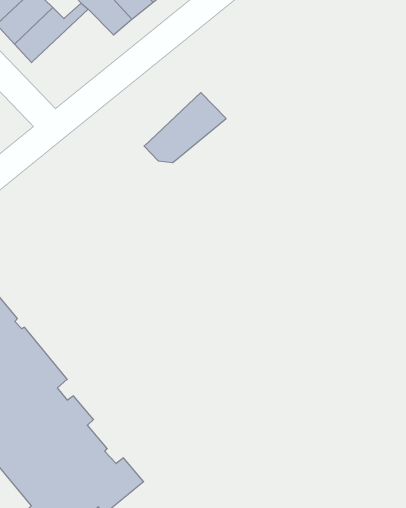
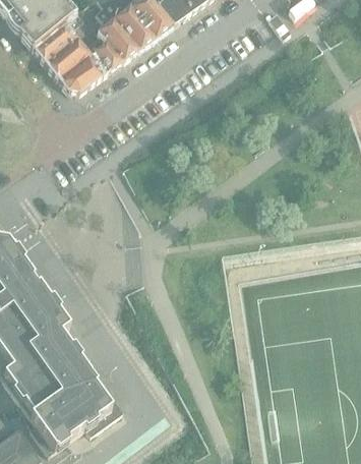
building: [144,93,226,163] -> [60,35,125,88]

